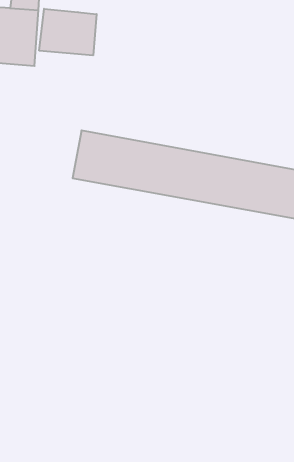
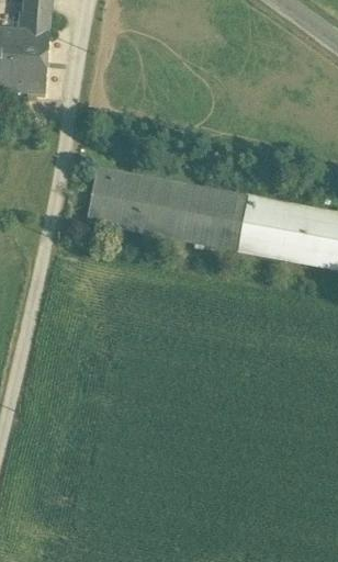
building: [39,9,97,55] -> none

